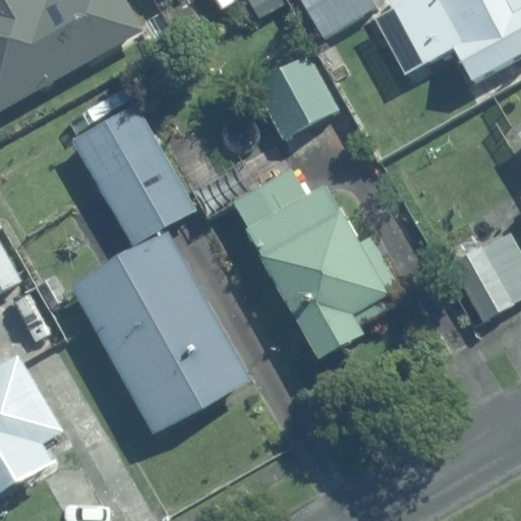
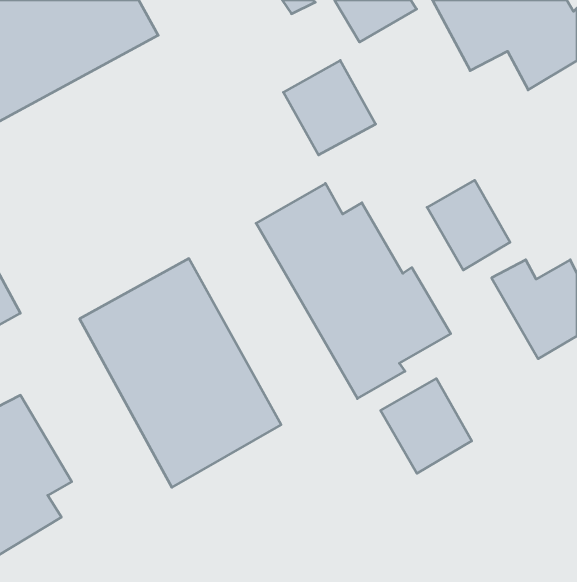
building: [66,90,193,247] -> none
building: none -> [427,180,510,270]
building: none -> [381,379,472,473]

